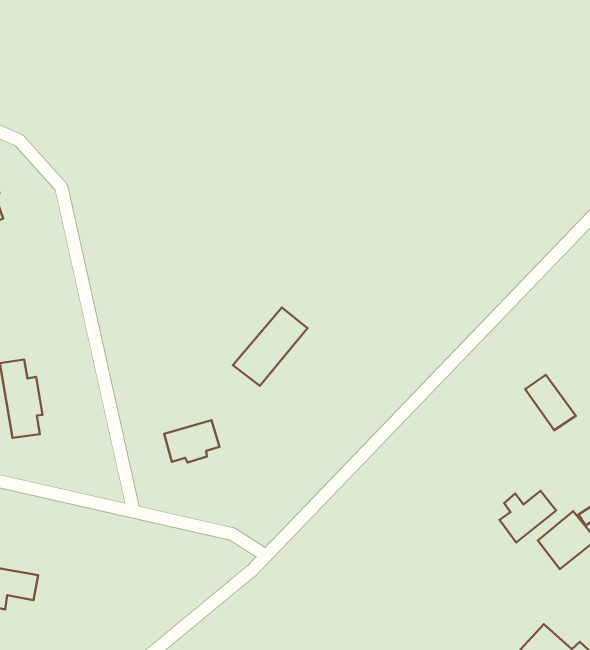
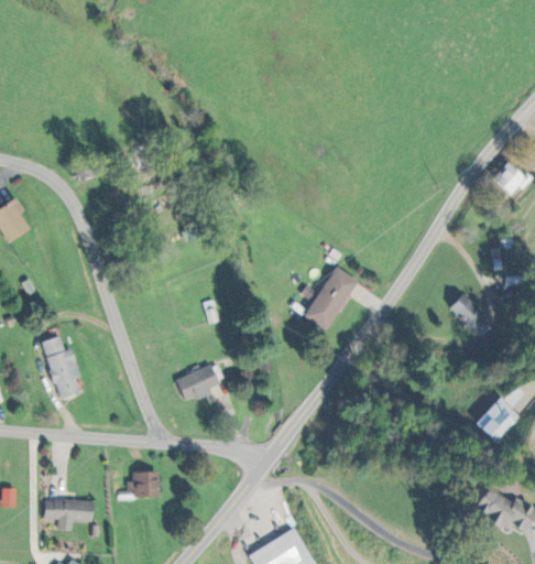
building: [233,307,308,386] -> [304,267,358,329]
building: [500,491,556,542] -> none
building: none -> [118,471,159,498]

